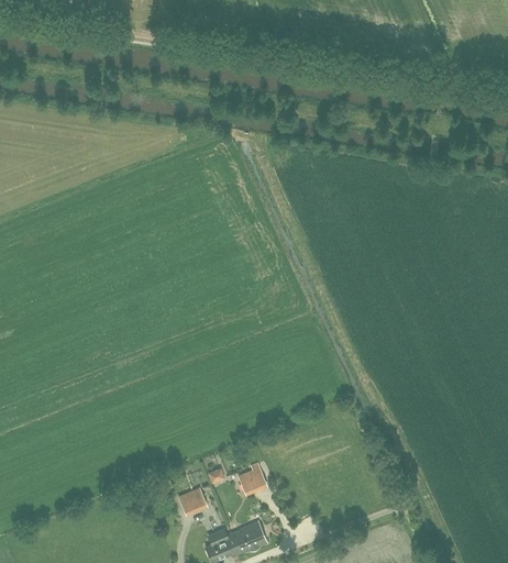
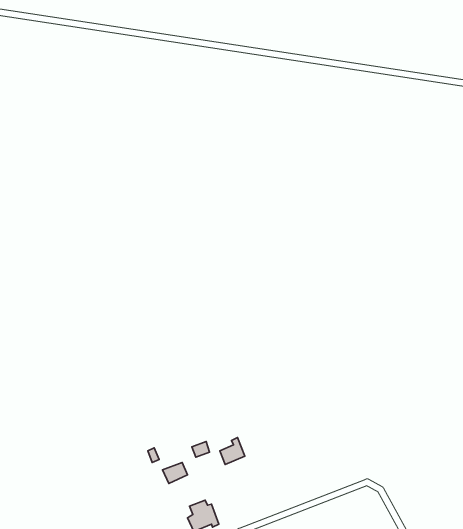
building: [230,521,266,554] -> none

